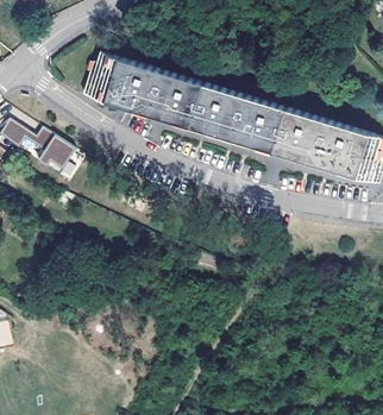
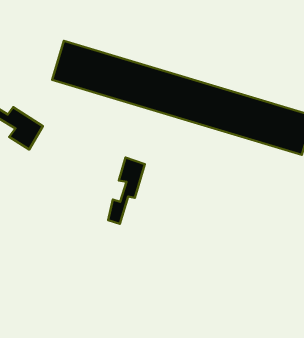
building: none -> [108,158,145,224]

